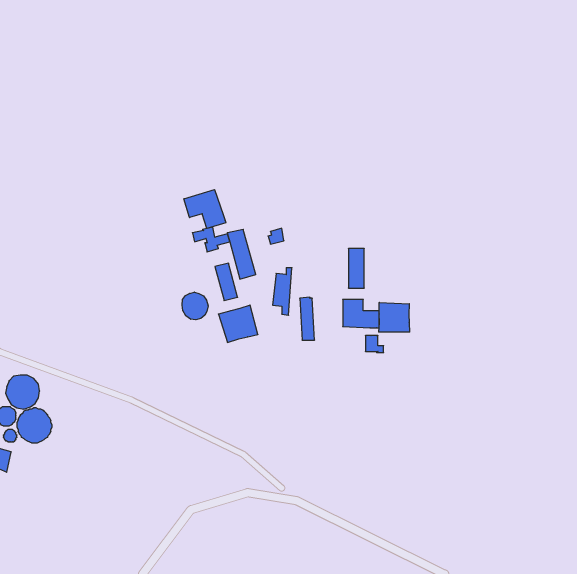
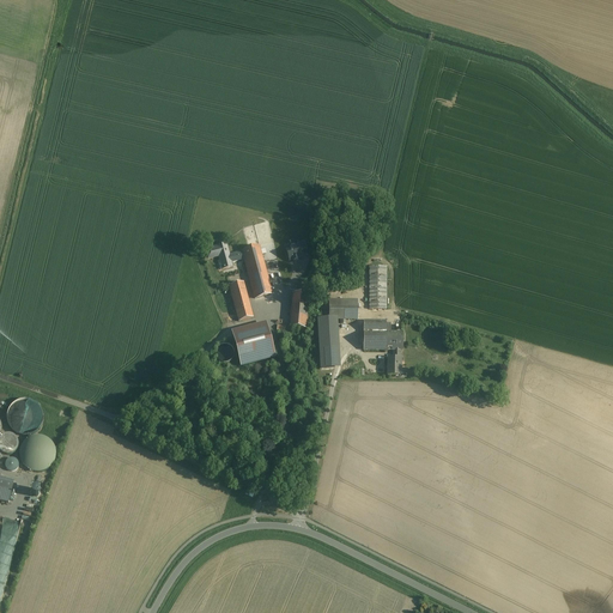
building: [184,190,226,228] -> none
building: none -> [327,295,357,316]
building: [182,292,208,320] -> none
building: [379,302,410,332] -> none

